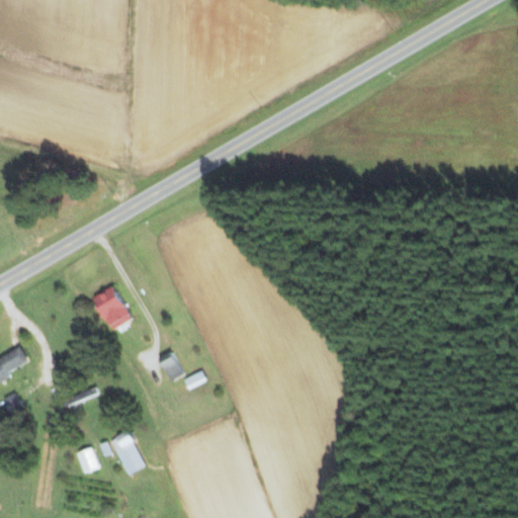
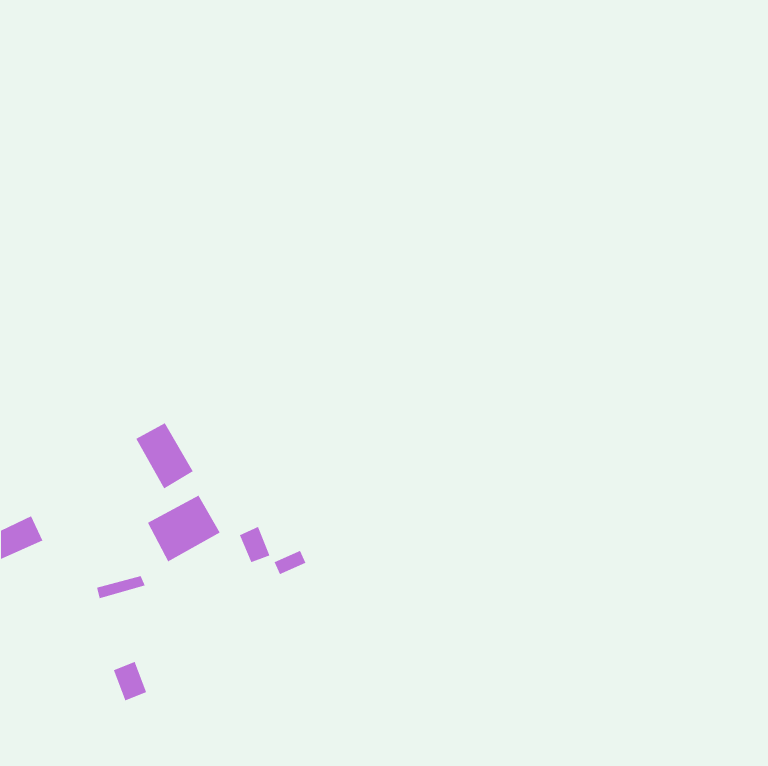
building: none -> [147,494,221,562]
building: [112,432,143,473] -> none

